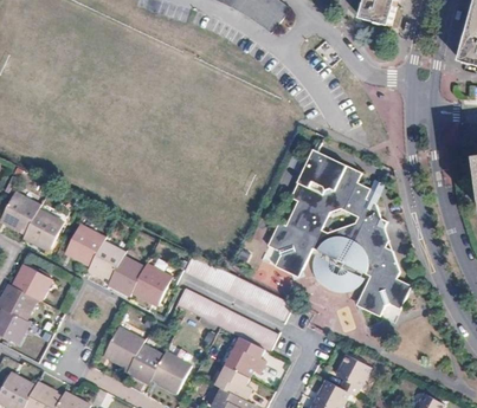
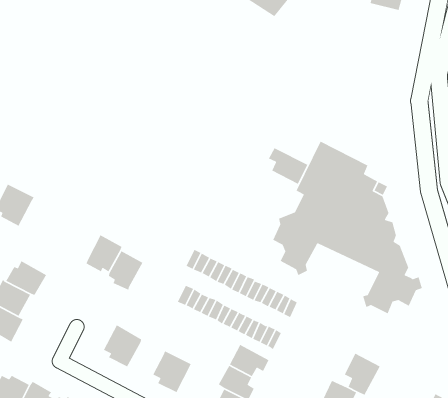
building: none -> [268,147,308,185]
building: [22,208,63,246] -> none
building: [65,225,103,265] -> none
building: [310,255,362,292] -> none
building: [130,264,170,302] -> none
building: [127,344,162,380] -> none

